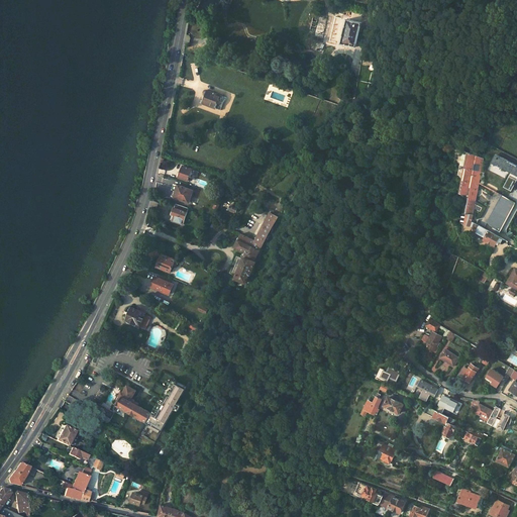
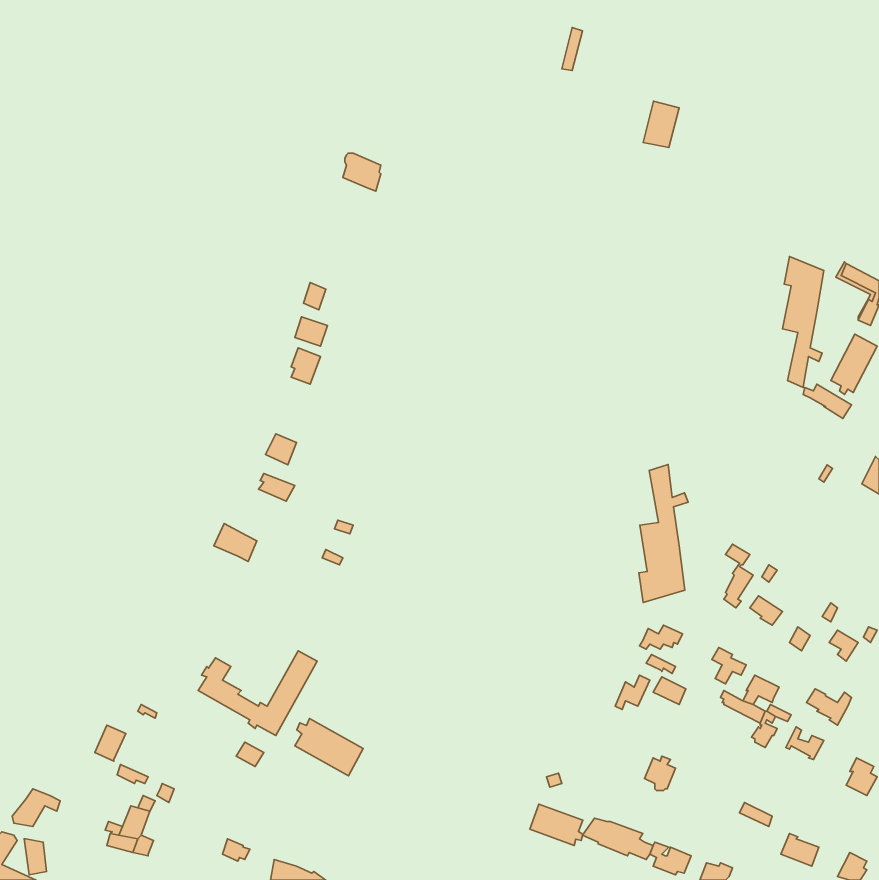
building: [340,19,361,46] -> [643,101,679,148]
building: [233,213,278,283] -> none
building: none -> [639,464,688,602]
building: none -> [295,719,363,776]
building: none -> [530,804,583,845]

